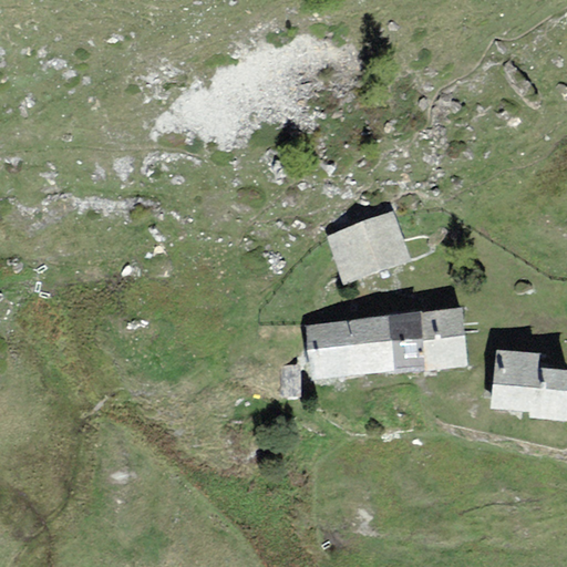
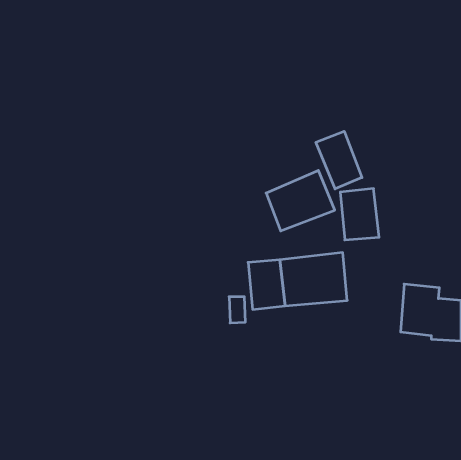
building: none -> [316,131,362,189]
building: [421,306,468,369] -> [340,189,379,240]

